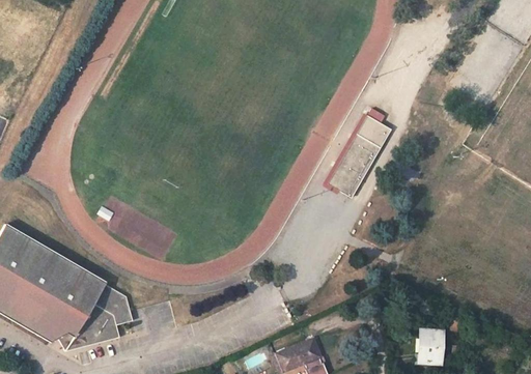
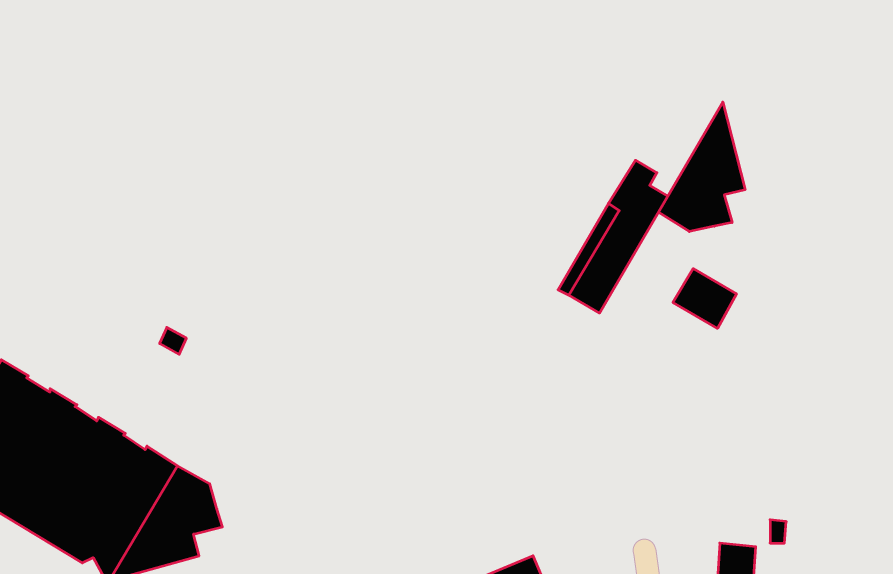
building: none -> [658,102,745,232]
building: none -> [673,269,736,328]

